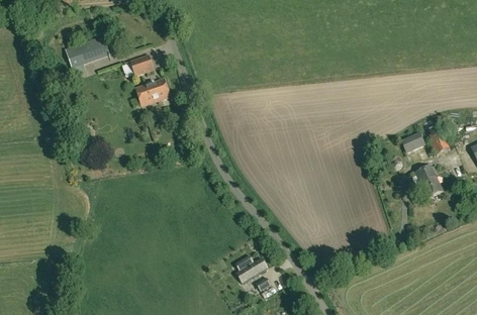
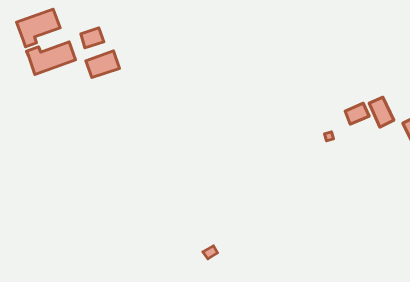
building: none -> [27,42,75,75]
building: [416,167,442,198] -> none
building: [235,255,268,284] -> none

